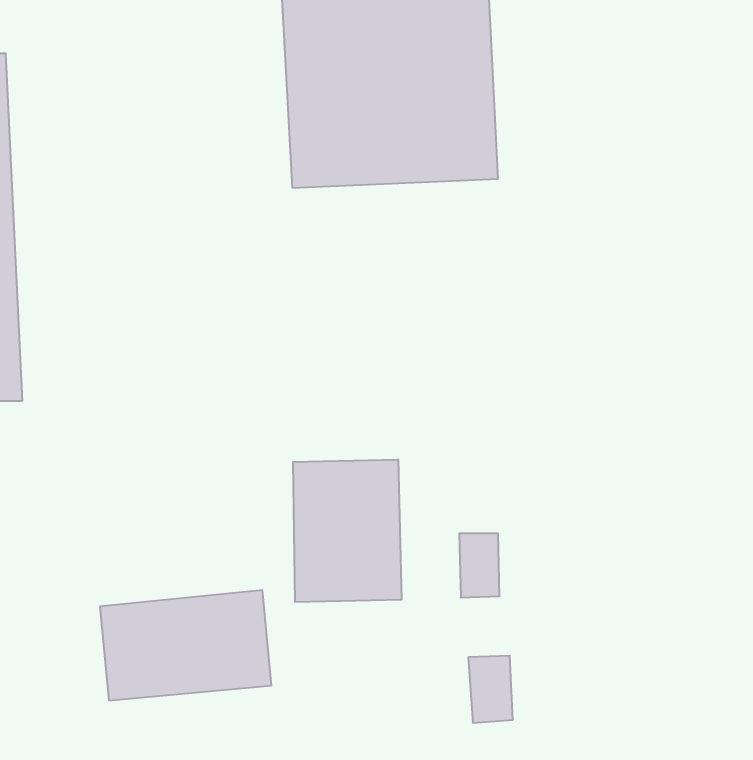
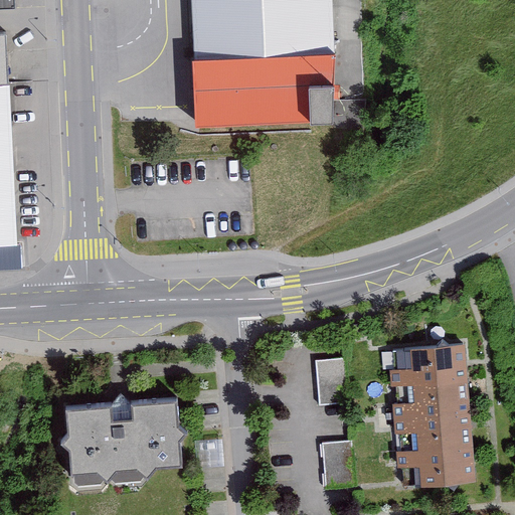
building: [293,459,402,602] -> none
building: none -> [384,347,469,483]

